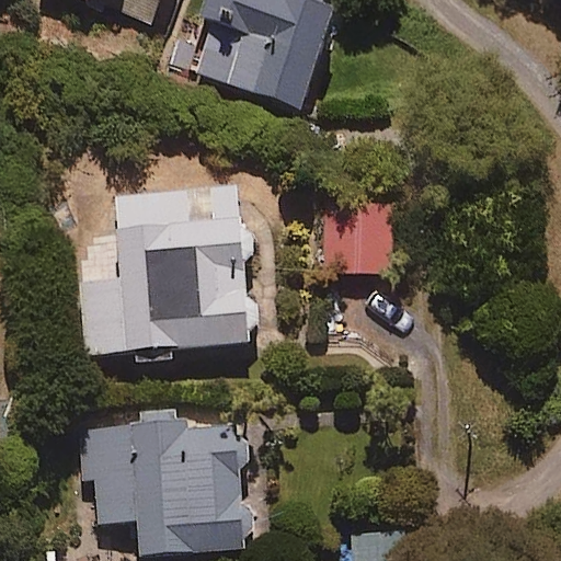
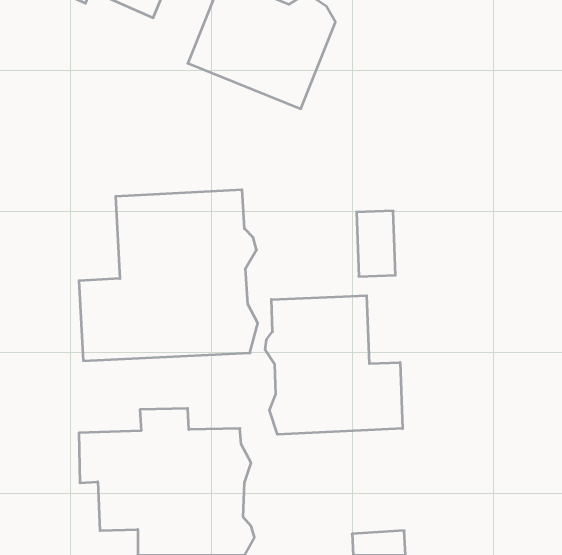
building: none -> [265,296,403,434]

